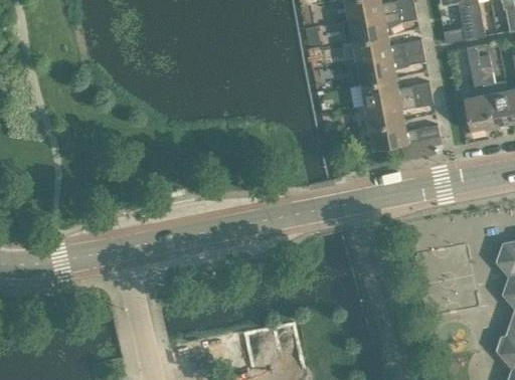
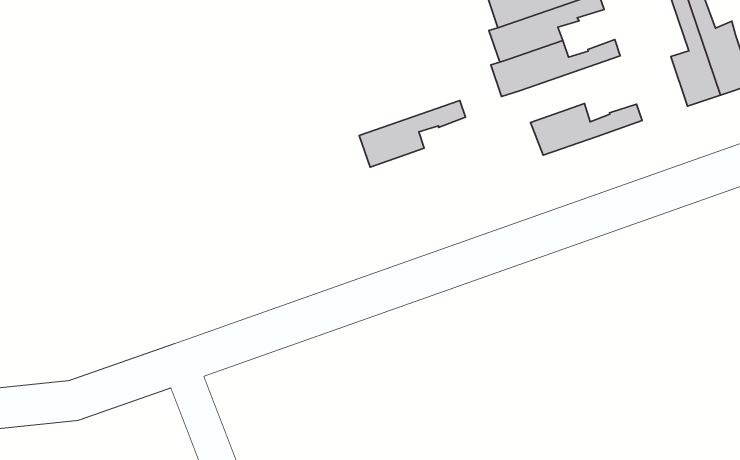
building: [365,93,435,128] -> [359,101,465,167]

